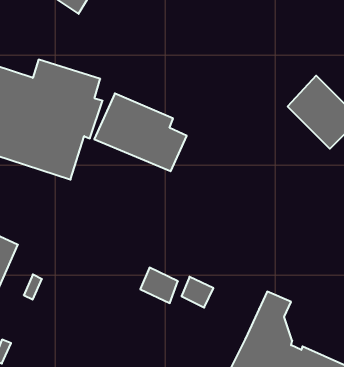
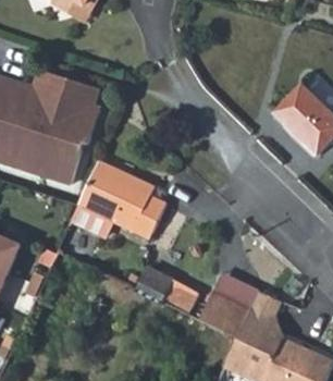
building: [94,93,187,171] -> [77,162,165,236]
building: none -> [200,291,250,335]

